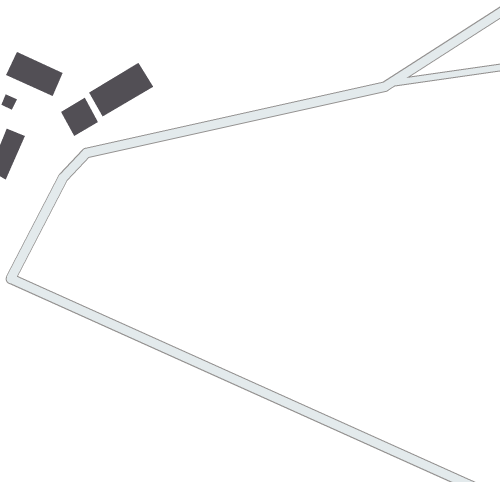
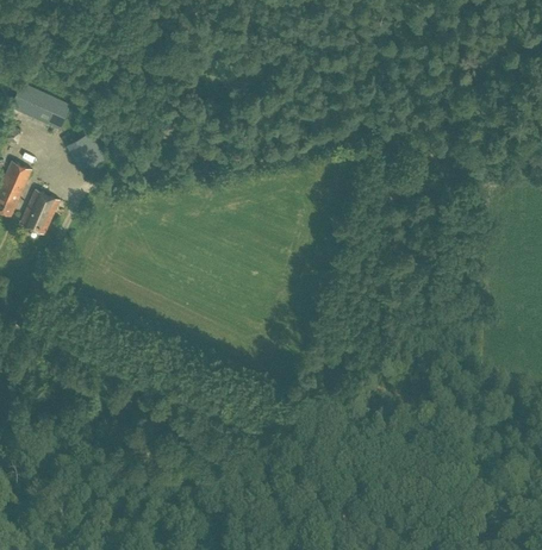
building: [88,62,154,118] -> none
building: none -> [20,189,58,235]

